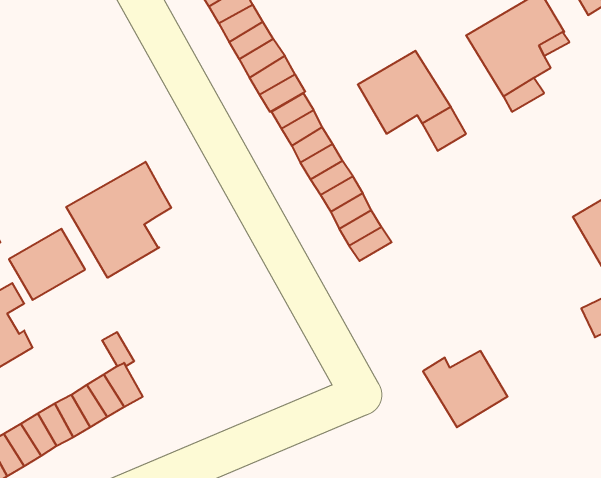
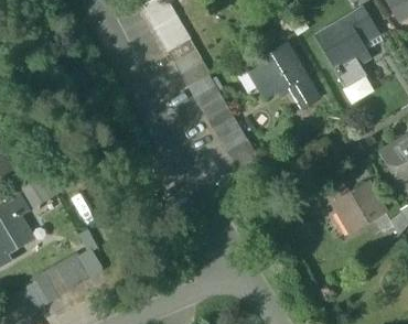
building: [66,162,171,278] -> none
building: [423,351,508,427] -> [330,184,385,234]

